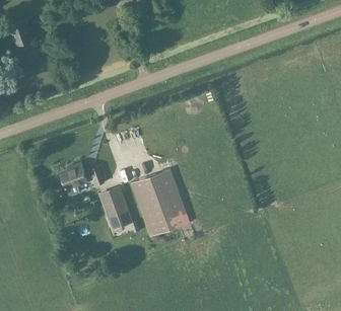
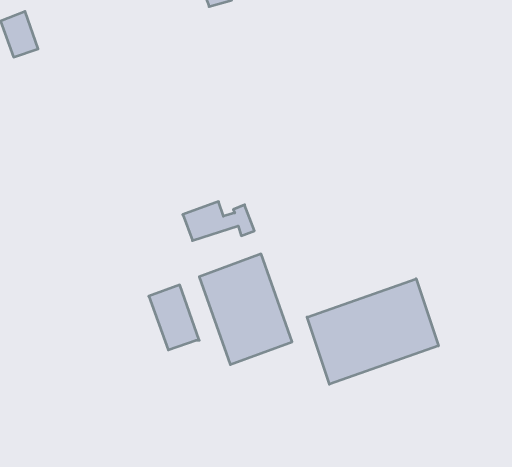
building: [58,164,103,188] -> [183,202,254,241]
building: none -> [307,279,438,384]

